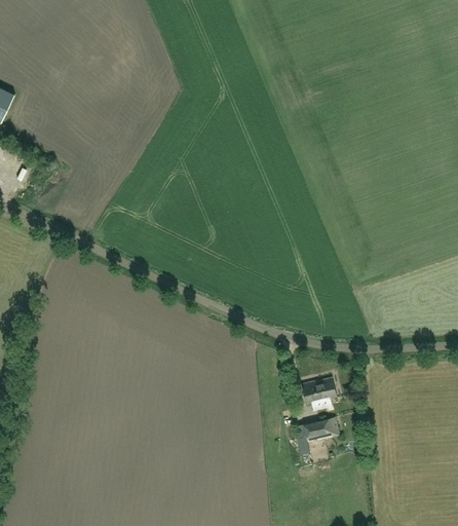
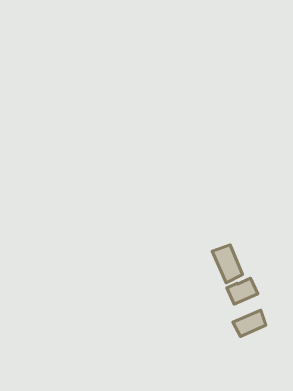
building: none -> [212,245,242,283]

